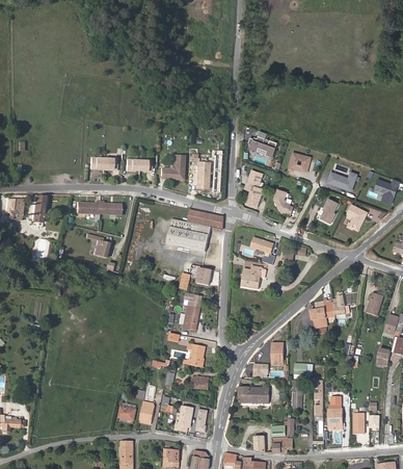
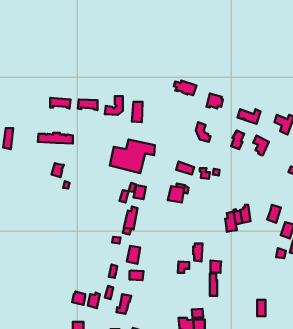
building: [246,170,265,207] -> none
building: [237,387,269,402] -> none
building: [327,397,343,429] -> none

